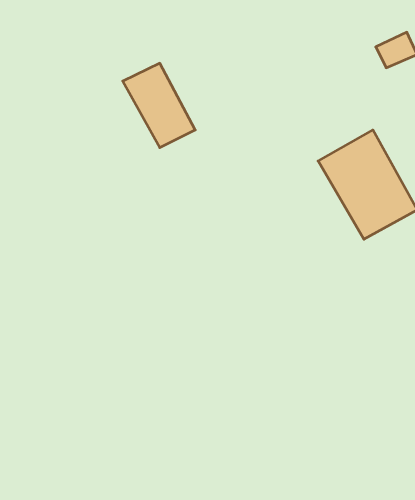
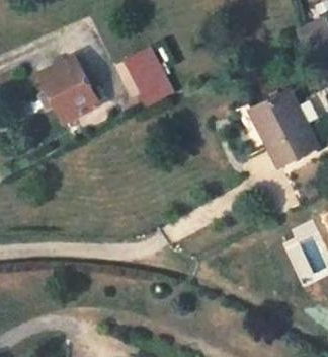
building: none -> [47,56,104,121]

